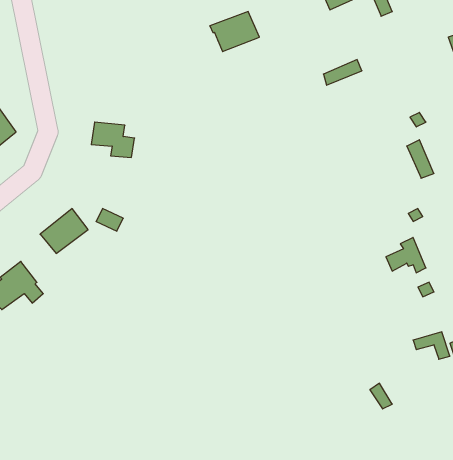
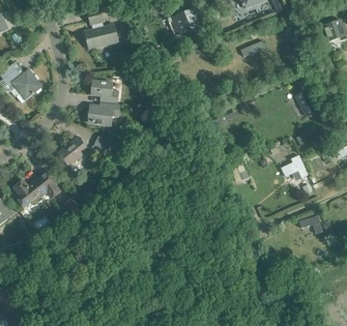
building: none -> [85,7,118,48]
building: none -> [89,101,120,125]

